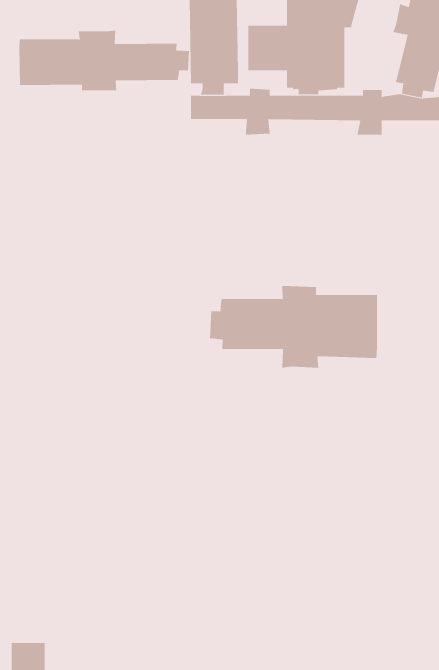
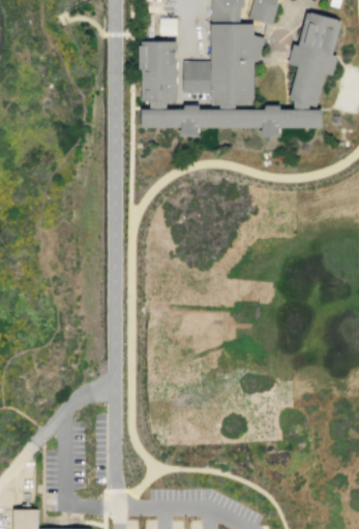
building: [19,30,190,91] -> none
building: [209,285,378,369] -> none

